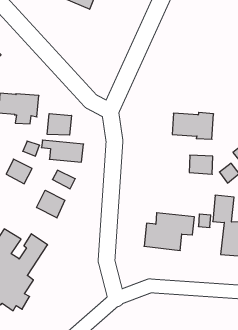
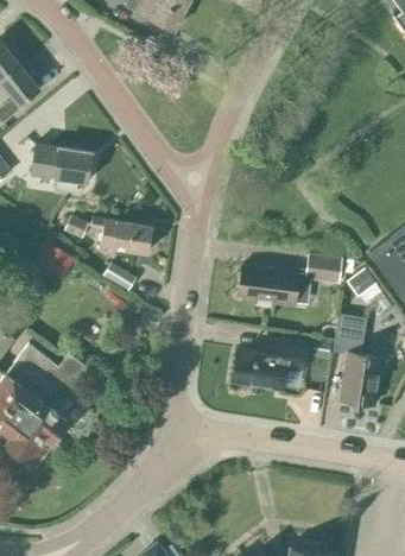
building: [172,112,214,139] -> [238,265,299,307]
building: [47,114,71,135] -> none
building: [37,190,65,218] -> none

